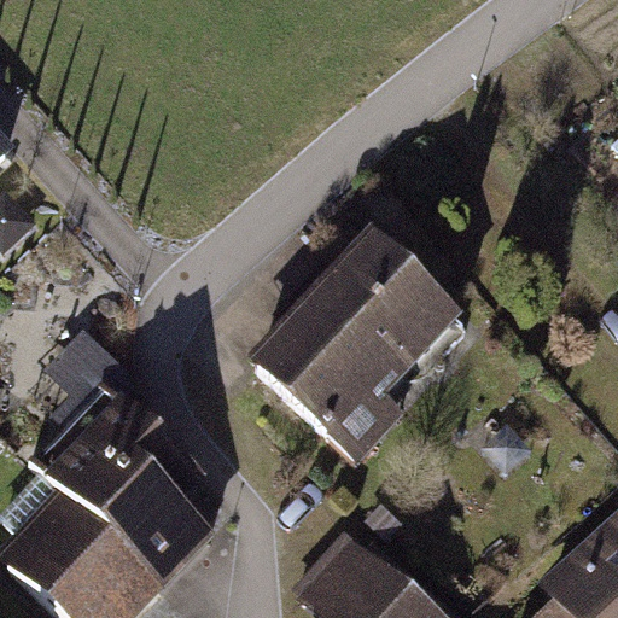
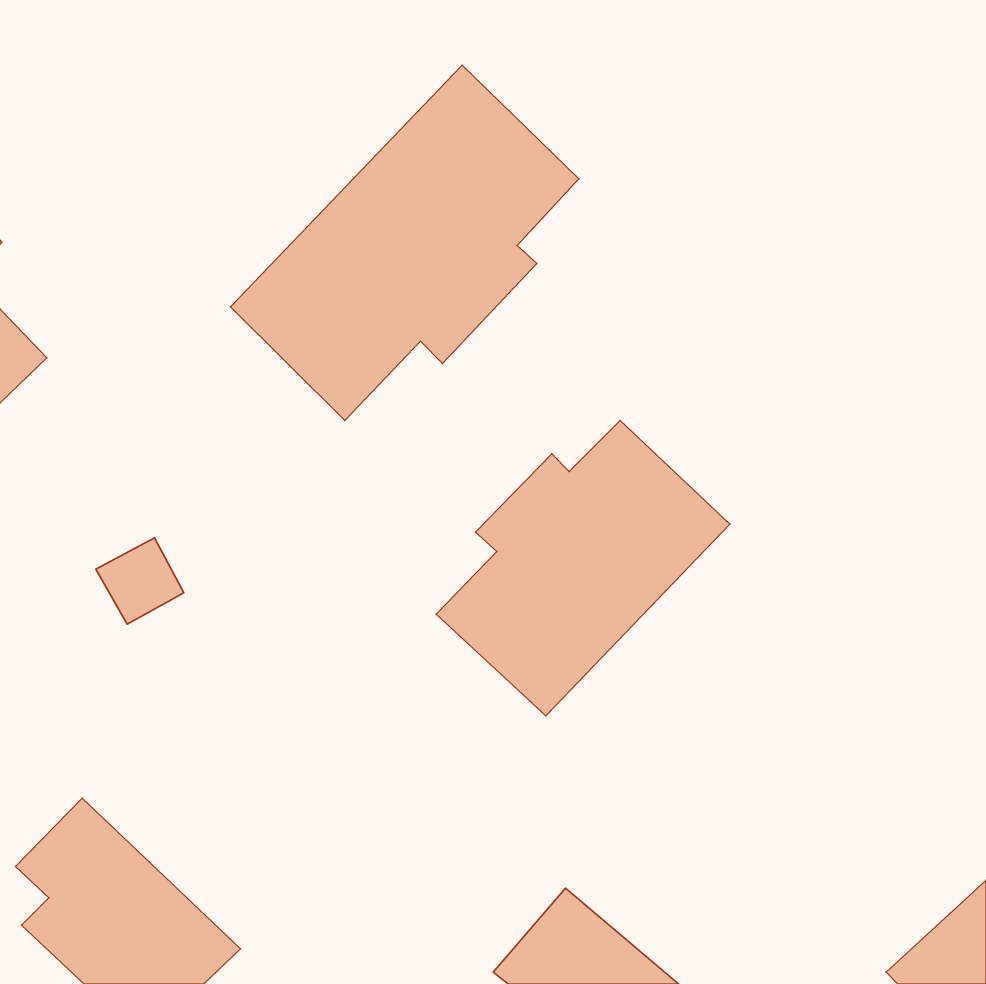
building: none -> [230,65,579,421]
building: [29,392,205,591] -> none

